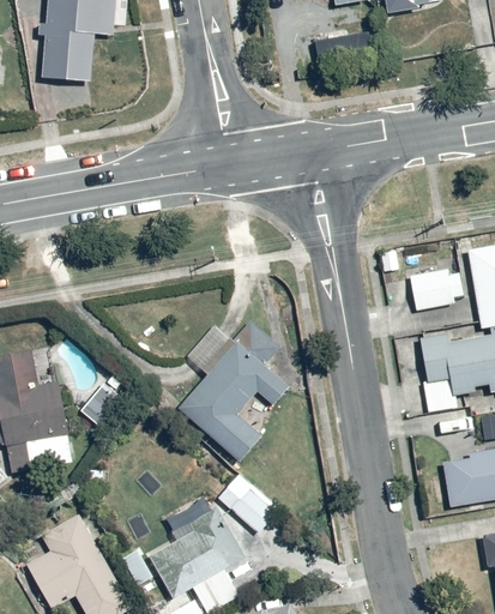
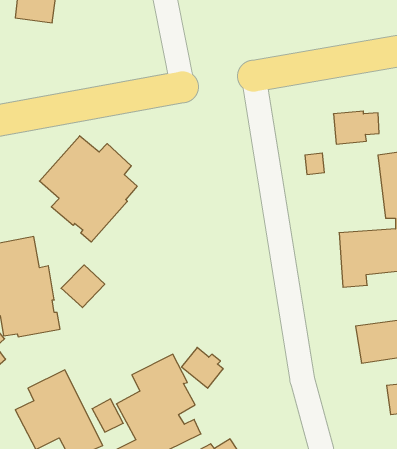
building: none -> [39,136,137,242]
building: [411,267,467,308] -> [333,111,379,144]
building: [162,320,288,463] -> none

